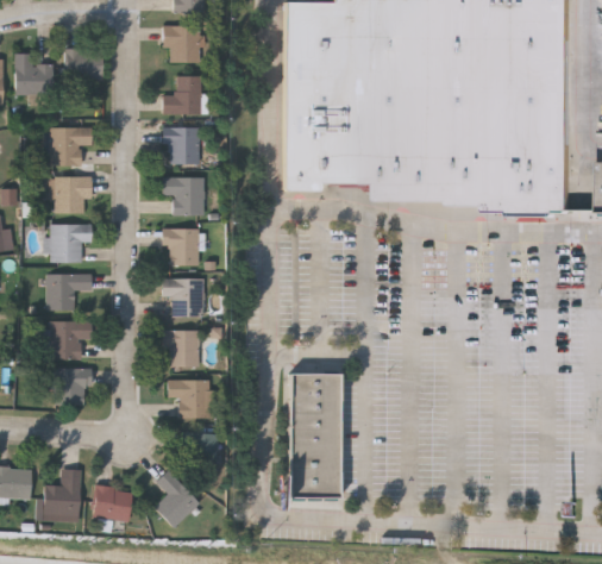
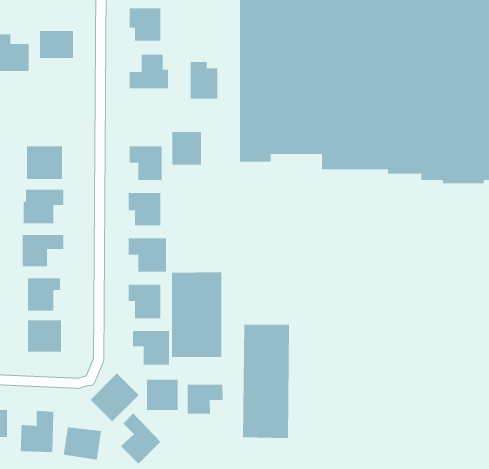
building: none -> [190,61,218,99]
building: [51,127,93,164] -> none
building: [167,127,200,164] -> [172,132,202,165]
building: none -> [172,272,222,358]
building: none -> [90,373,139,422]
building: none -> [187,384,223,415]

